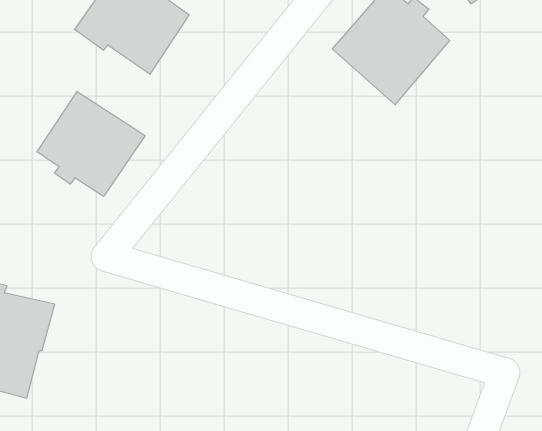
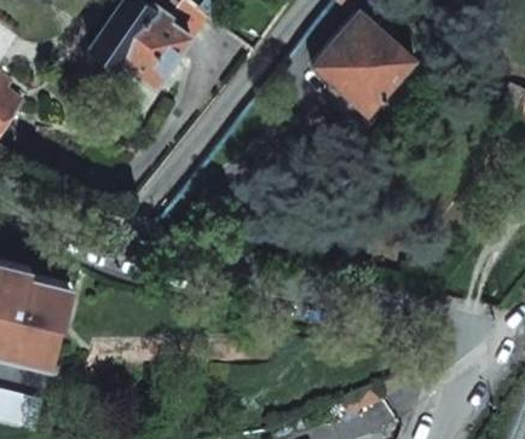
building: [37,91,145,196] -> none

